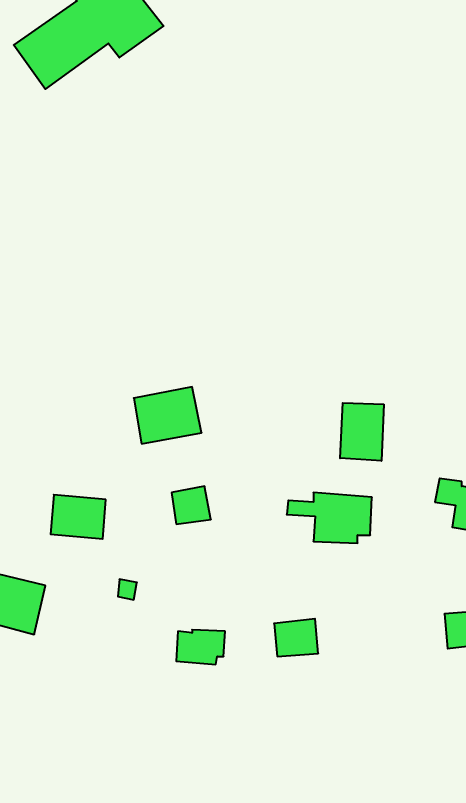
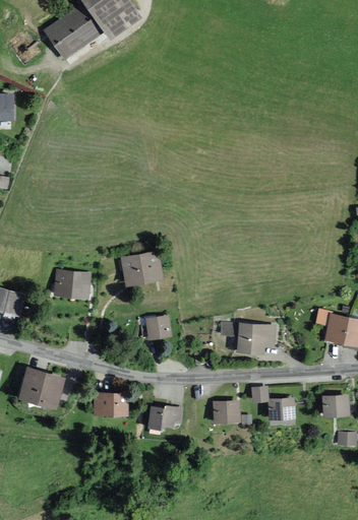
building: [340,403,384,461] -> none
building: [51,495,106,539] -> [54,270,90,299]
building: none -> [250,387,294,420]
building: none -> [94,392,128,415]

